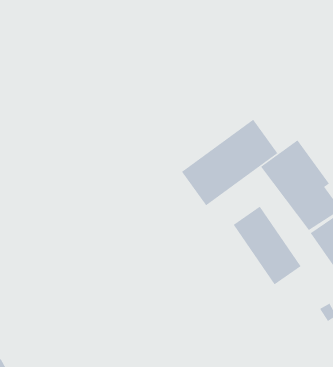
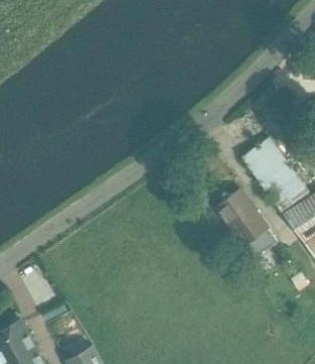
building: [181,119,278,206] -> none

